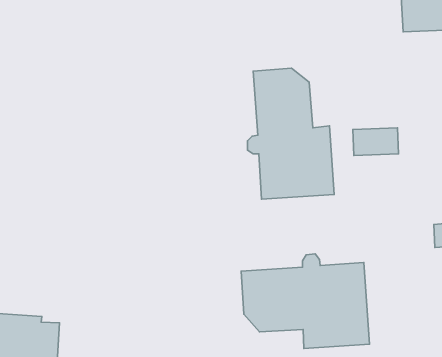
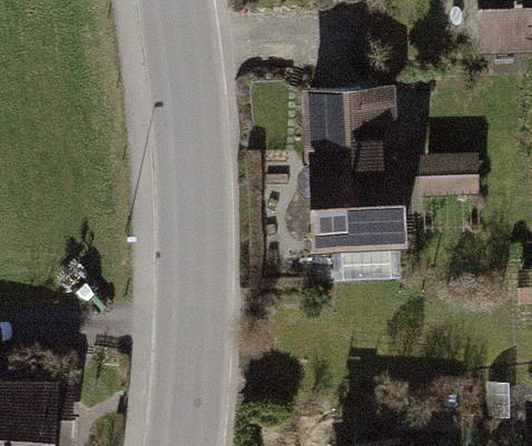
building: [241,254,369,349] -> none

